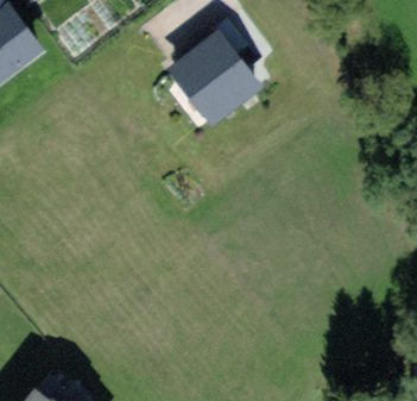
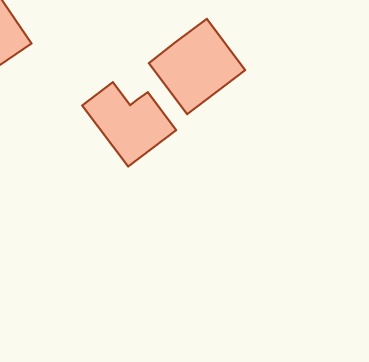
building: none -> [82,82,176,167]

